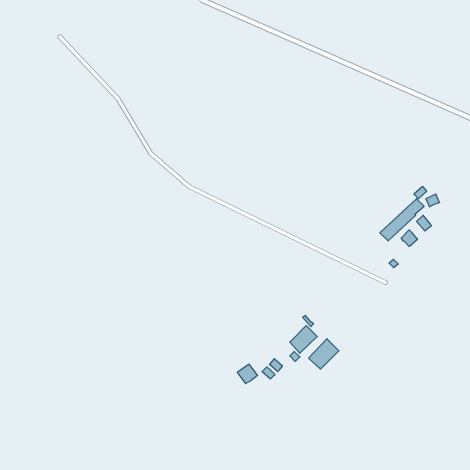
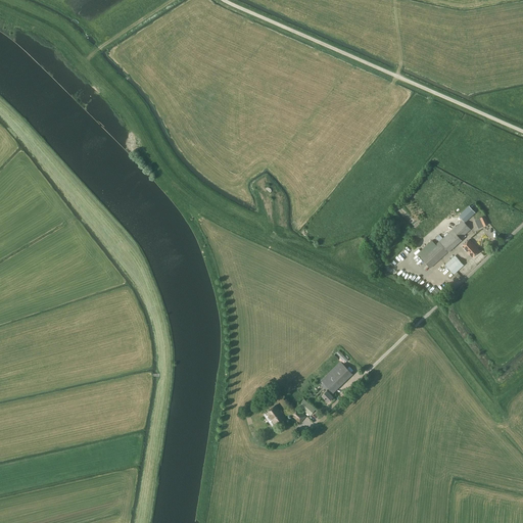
building: [309,339,339,369] -> none

